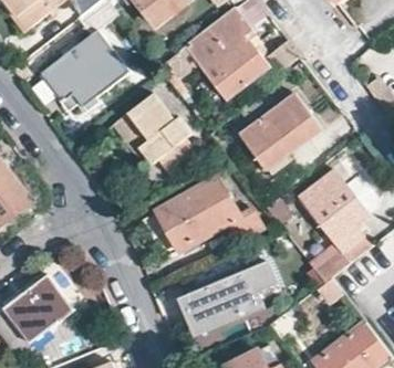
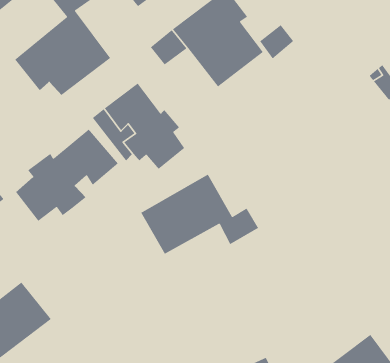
building: [238,92,322,170] -> none
building: none -> [15,128,119,222]
building: [298,168,369,281] -> none
building: [180,261,277,324] -> none

